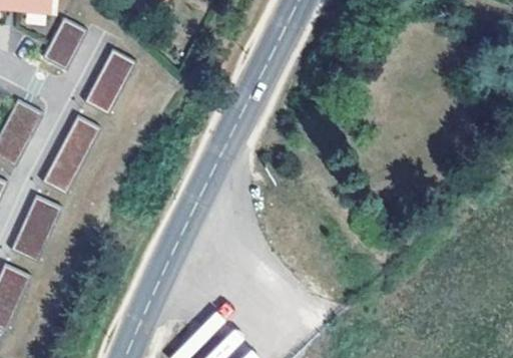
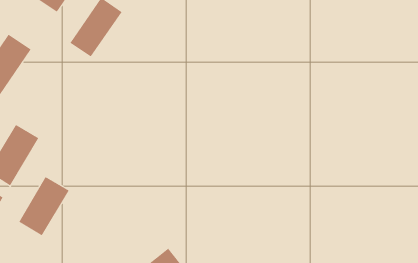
building: [40,115,99,195] -> none
building: none -> [19,176,69,236]

